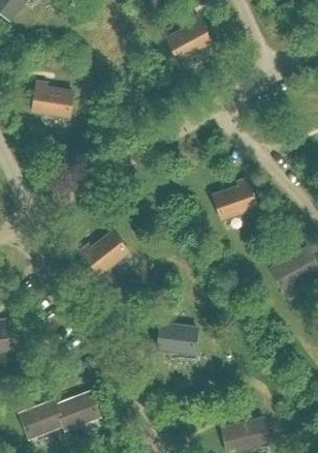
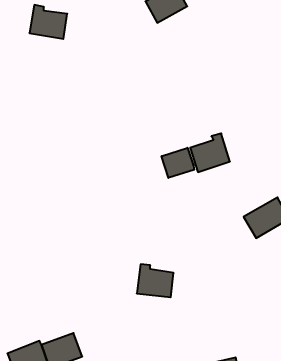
building: [32,82,72,118] -> [29,5,67,39]
building: none -> [162,148,194,178]
building: [81,231,128,274] -> none

